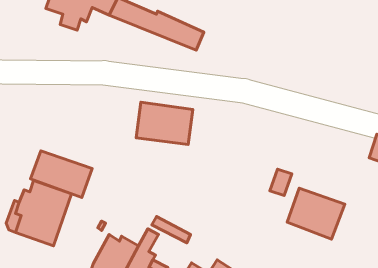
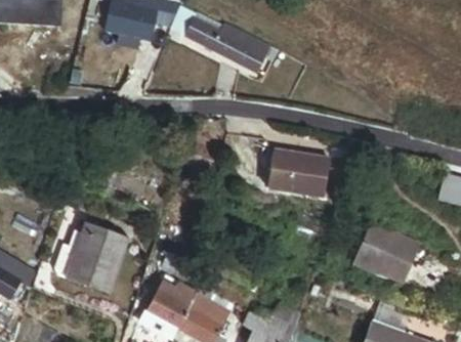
building: [136,102,193,145] -> [269,147,331,194]
building: [30,151,92,198] -> none

